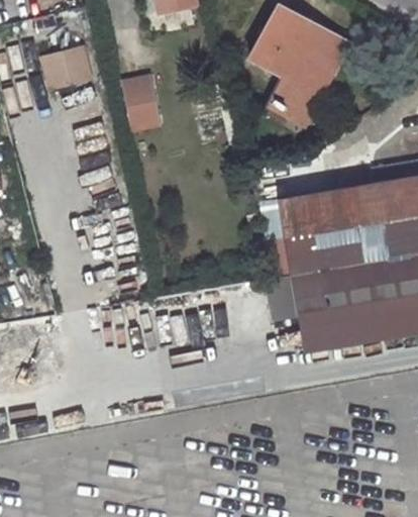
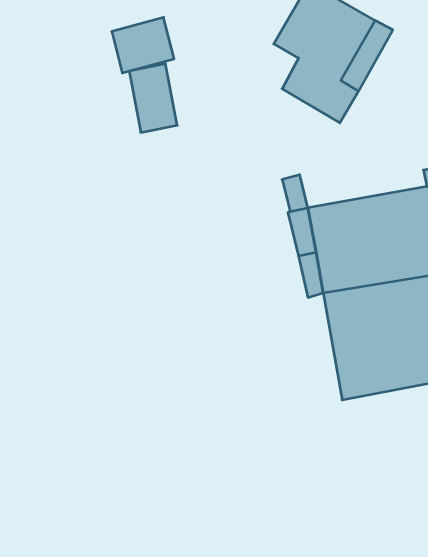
building: [43,43,97,91] -> [112,17,174,73]

